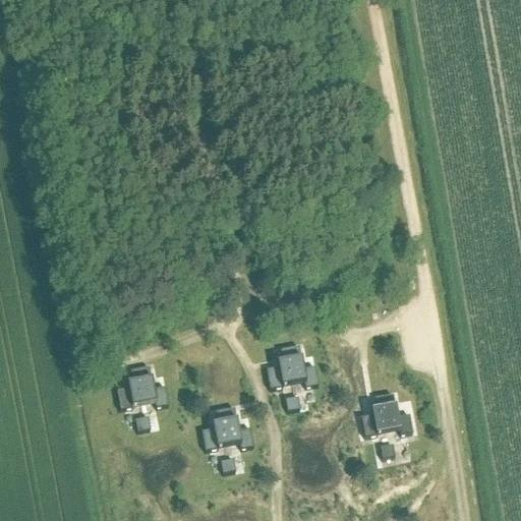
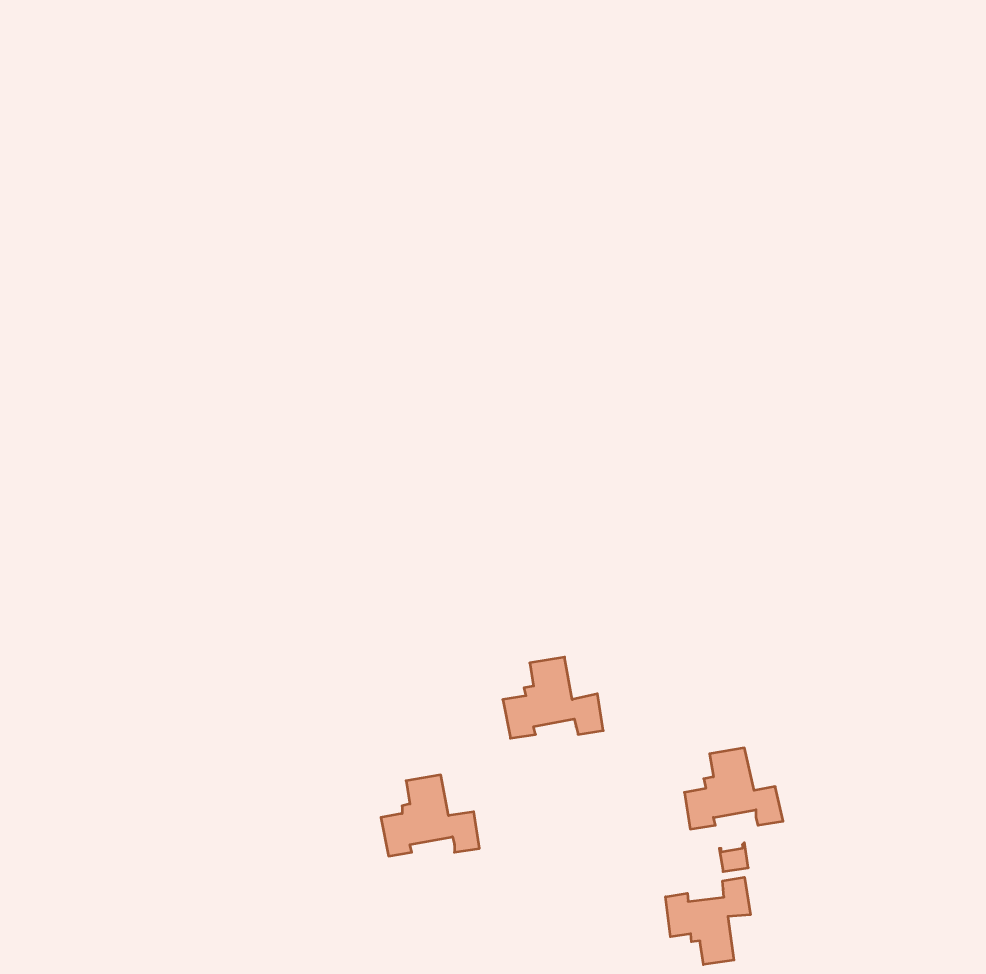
building: [116,366,169,410] -> none
building: none -> [666,877,750,965]

